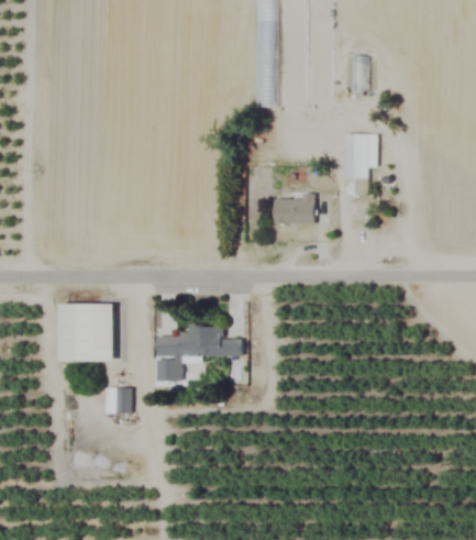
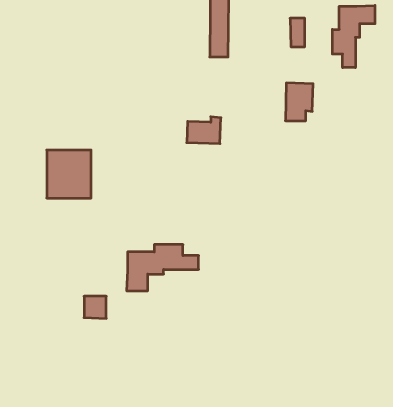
building: none -> [332,5,375,68]
building: [274,192,314,224] -> [187,117,221,144]
building: [62,304,114,361] -> [47,150,91,198]

